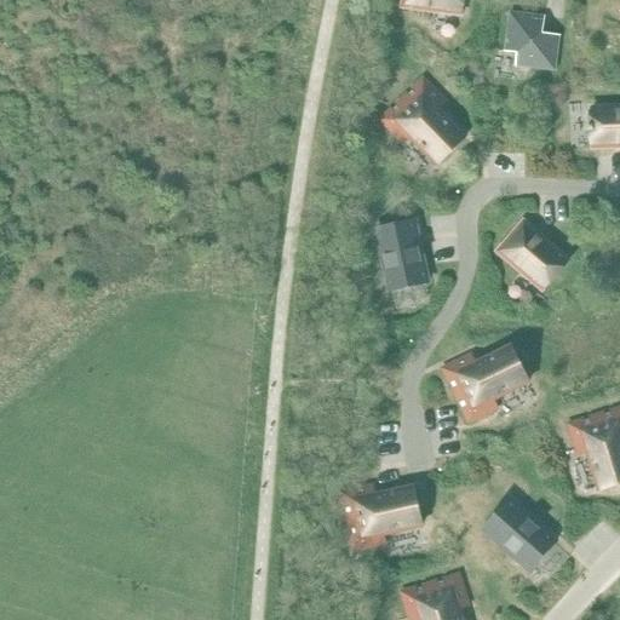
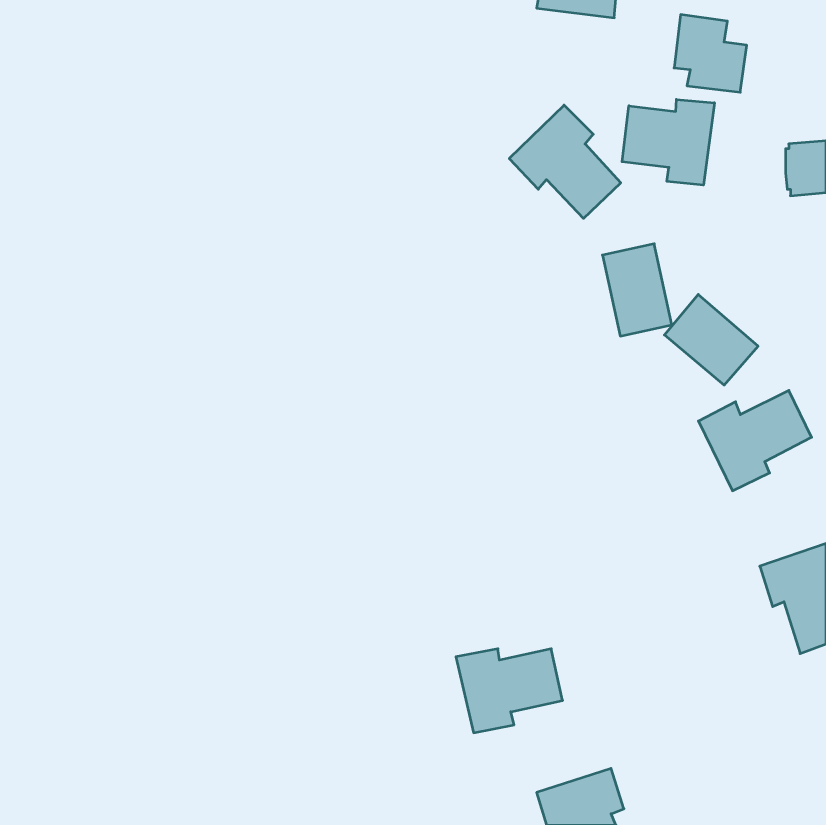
building: none -> [622,99,714,185]
building: [375,220,427,289] -> [602,244,672,336]
building: [443,345,528,420] -> [698,390,812,491]
building: [483,499,556,569] -> none

